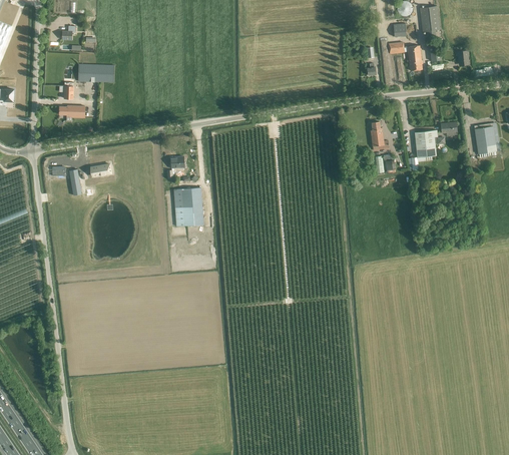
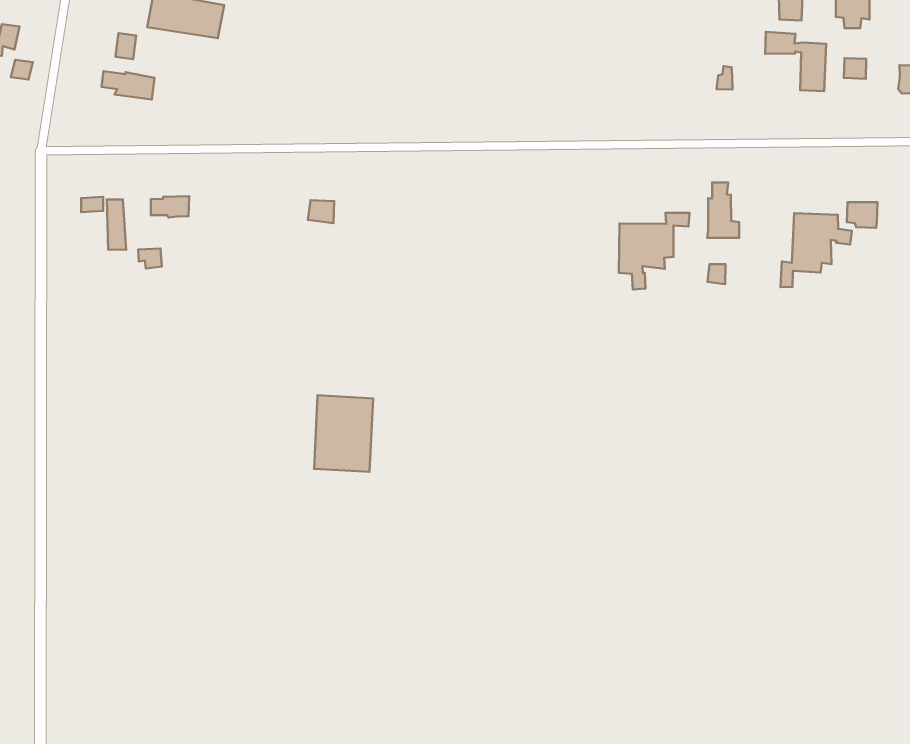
building: none -> [619,213,690,290]
building: [173,186,204,225] -> [314,395,373,472]

